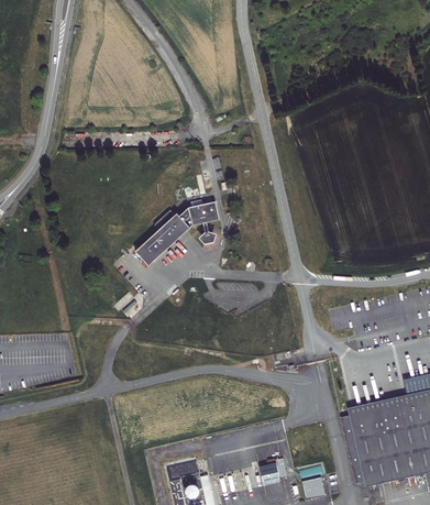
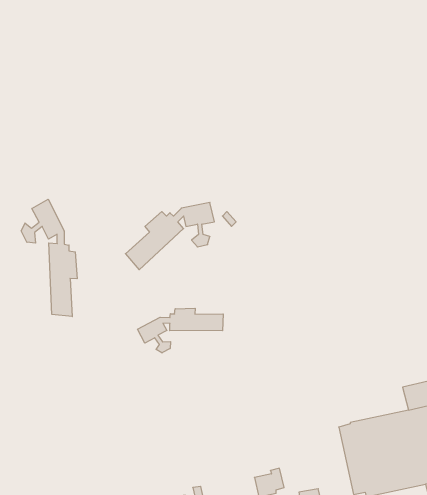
building: none -> [21,199,77,317]
building: none -> [138,308,223,353]

